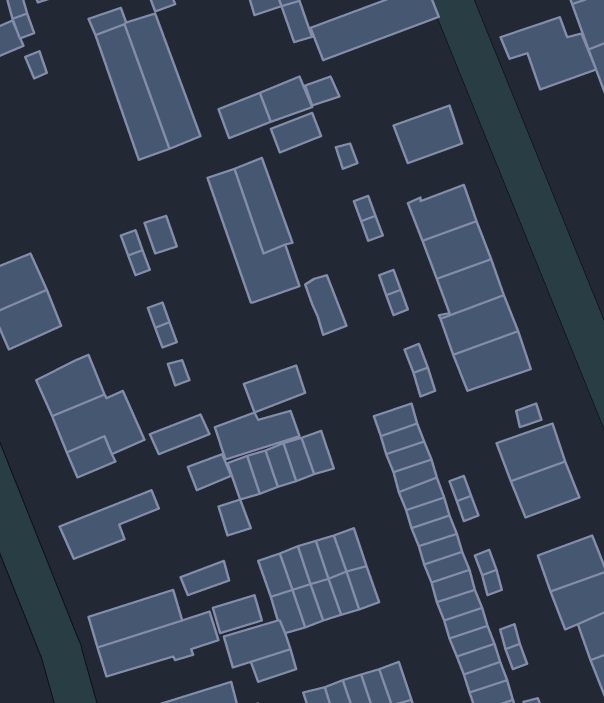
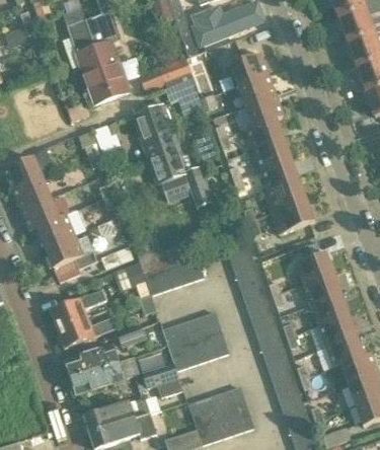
building: [500,17,596,89] -> [215,44,269,84]
building: none -> [245,94,284,127]
building: none -> [21,197,59,230]
building: [244,366,305,413] -> [158,173,193,200]
building: none -> [311,293,349,325]
building: none -> [58,315,116,347]

